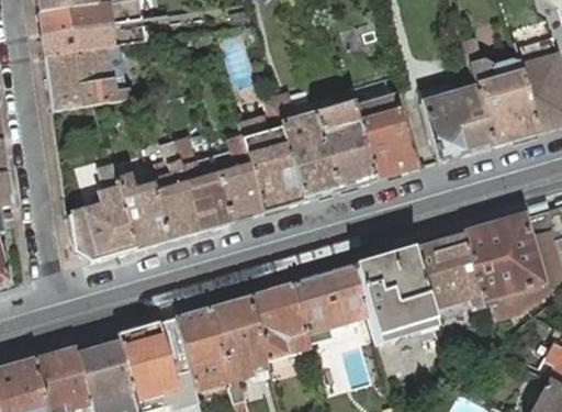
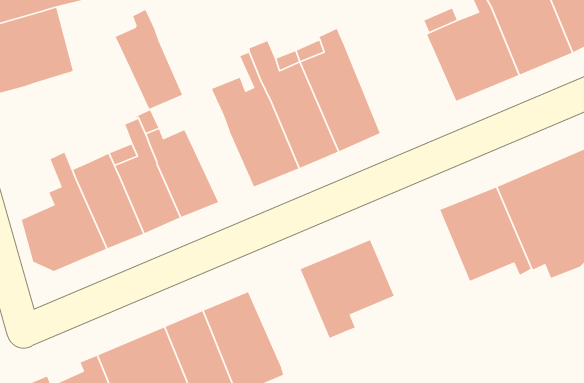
building: [355,94,415,179] -> none
building: [214,136,265,220] -> [114,9,183,110]
building: [356,247,437,345] -> none
building: [250,282,313,360] -> none

